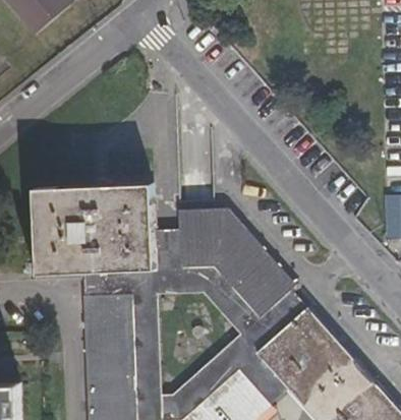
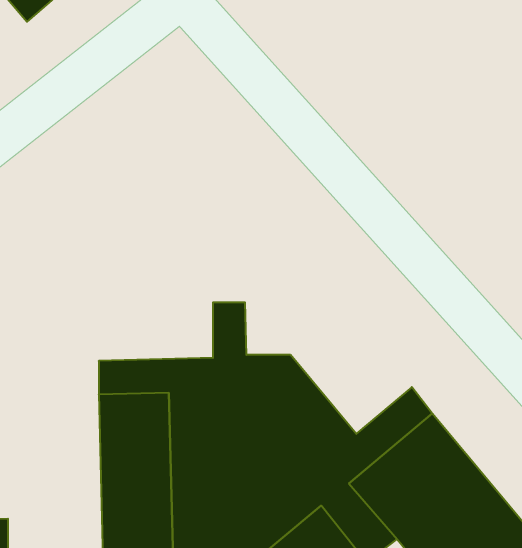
building: [38,187,162,274] -> none
building: [183,211,300,322] -> none

